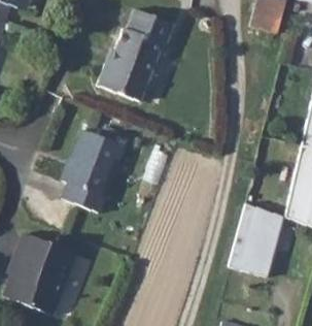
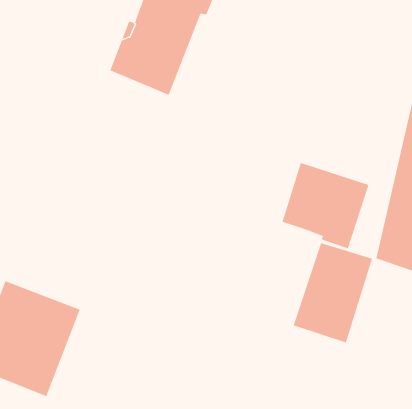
building: [62,128,125,211] -> none
building: none -> [282,162,369,249]

